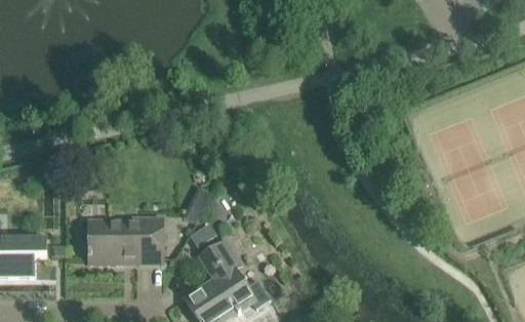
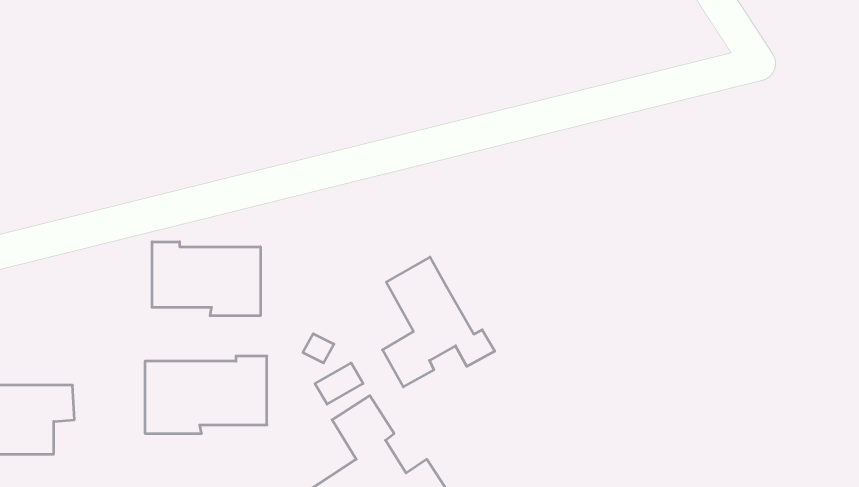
building: none -> [152,242,260,316]
building: none -> [382,257,495,387]

